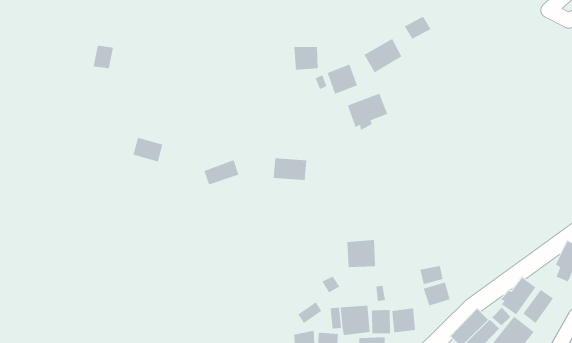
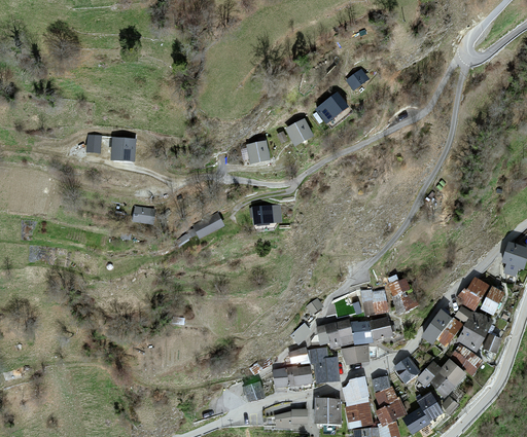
building: [294,47,319,70] -> [245,141,269,163]
building: none -> [110,138,136,162]
building: [347,93,388,131] -> none
building: [346,240,376,267] -> [360,289,388,316]

